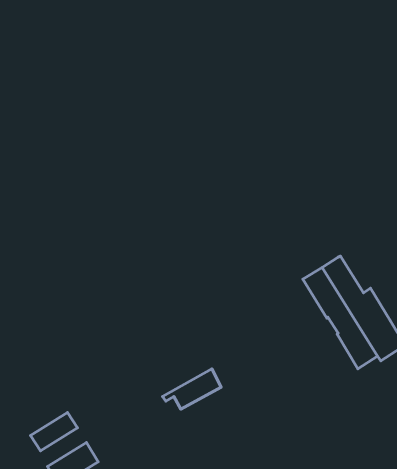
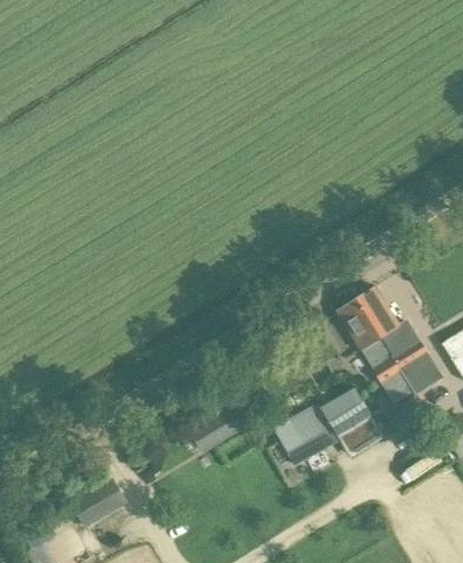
building: none -> [273,389,382,458]
building: [30,413,78,451] -> none

